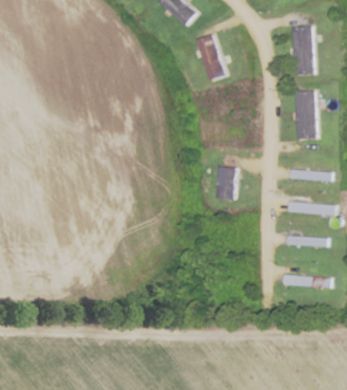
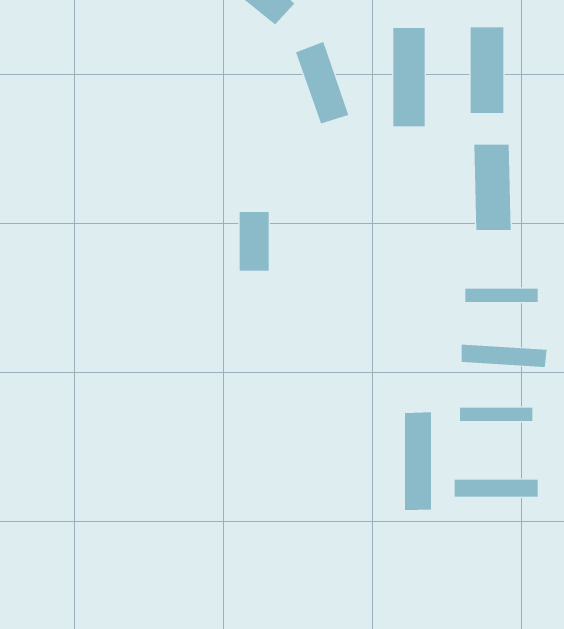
building: none -> [393,27,425,127]
building: [217,166,234,199] -> [239,212,269,271]
building: none -> [404,412,432,511]

